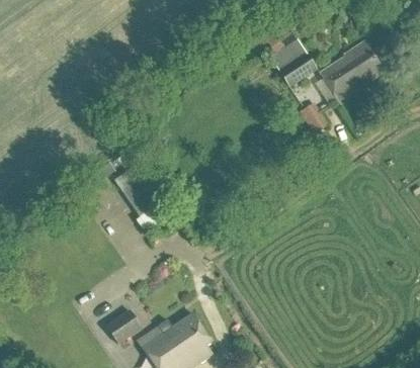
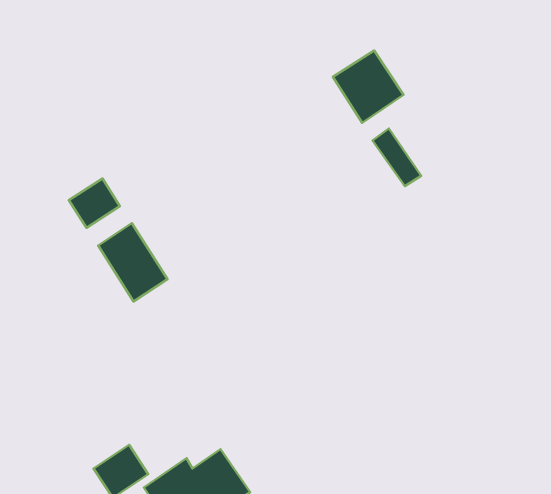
building: [319,42,381,103] -> none
building: none -> [69,179,120,228]

